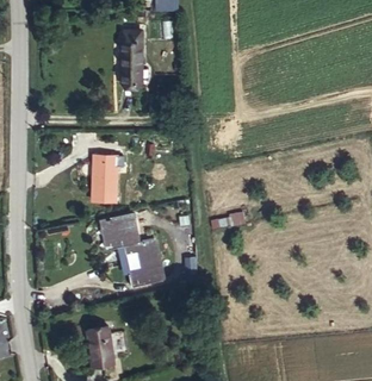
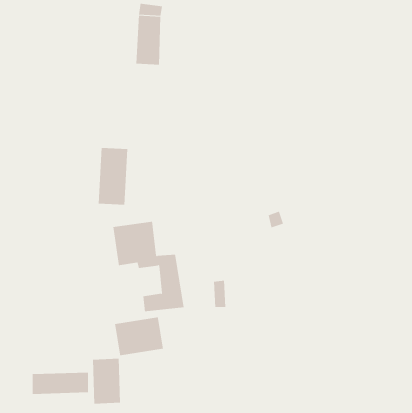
building: none -> [114,317,164,356]
building: none -> [32,372,89,395]

